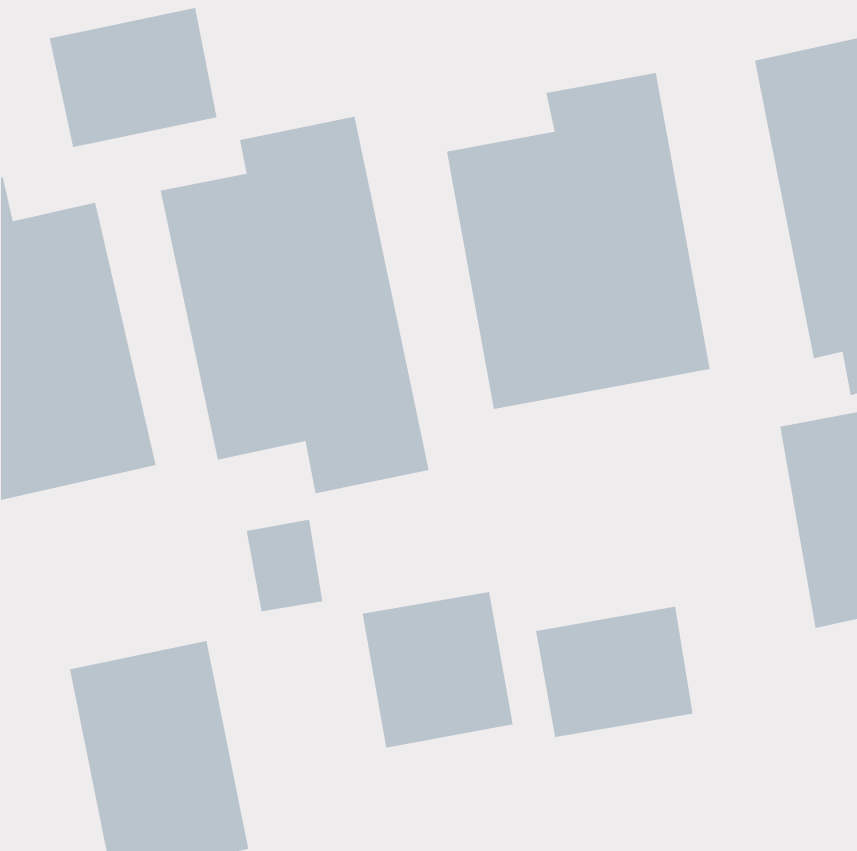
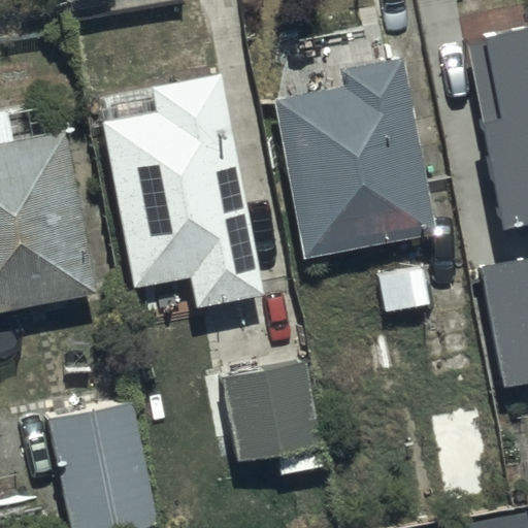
building: [49,7,217,148] -> none
building: [535,606,693,738] -> none

